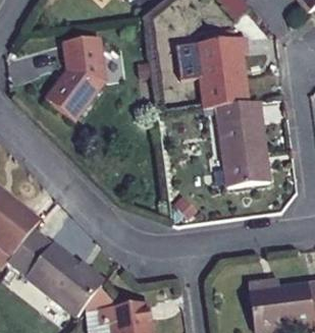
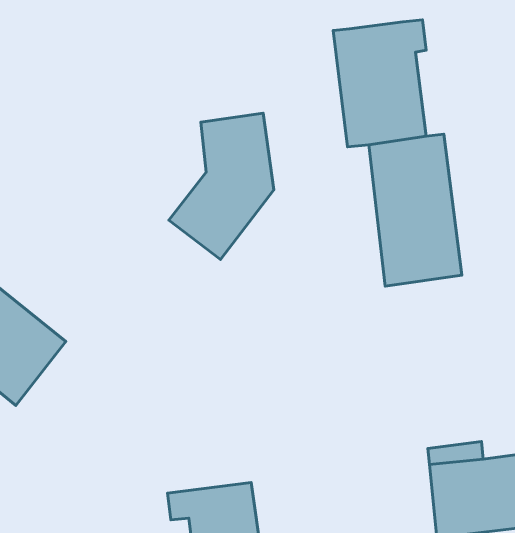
building: [45,37,105,120] -> [169,113,274,260]
building: [10,225,106,314] -> none

